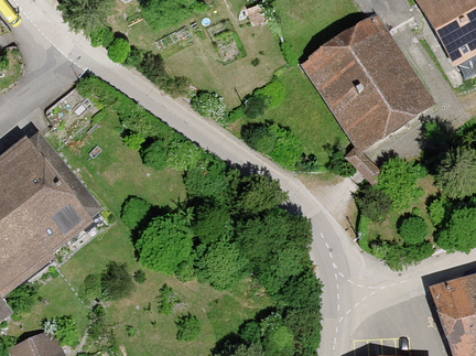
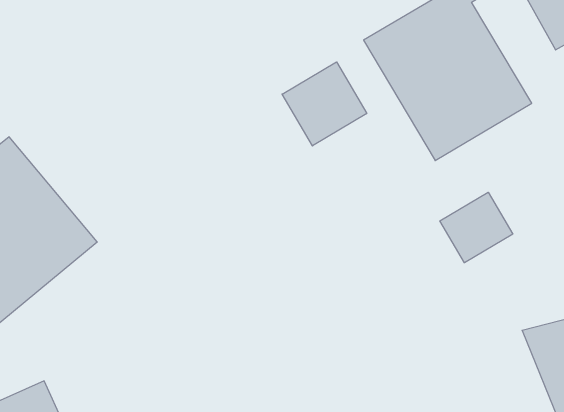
building: none -> [282,62,367,146]
building: none -> [440,192,513,263]

